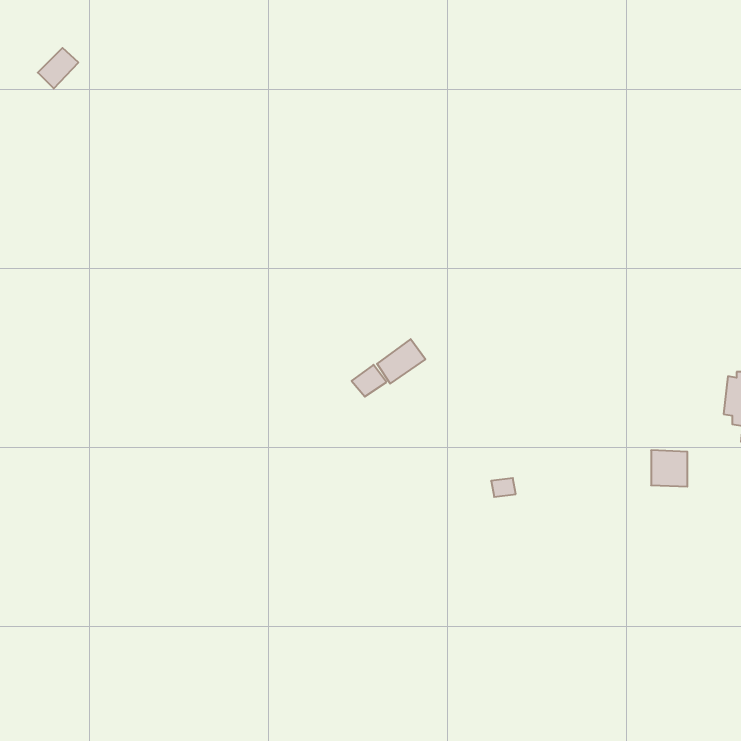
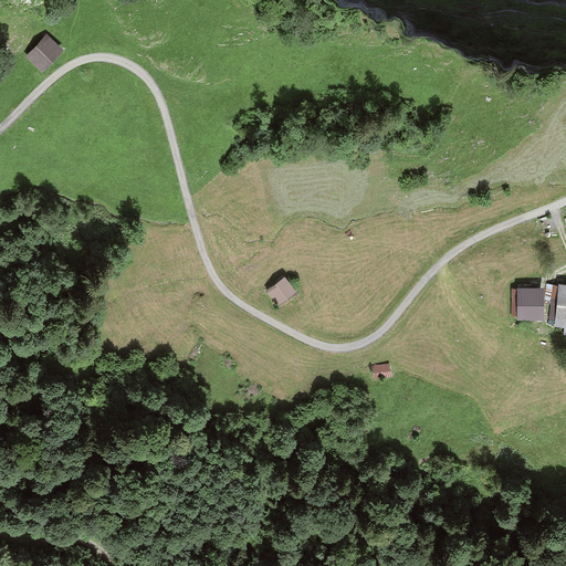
building: [377,339,425,384] -> none
building: [651,450,687,487] -> [513,289,541,316]

